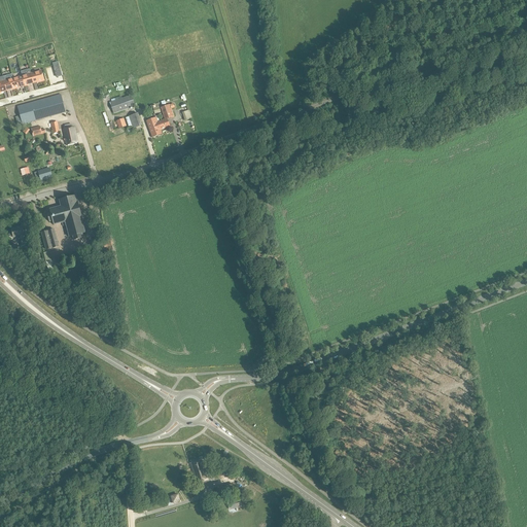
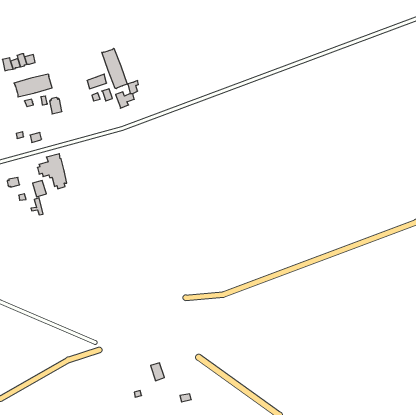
building: none -> [102,48,127,89]

